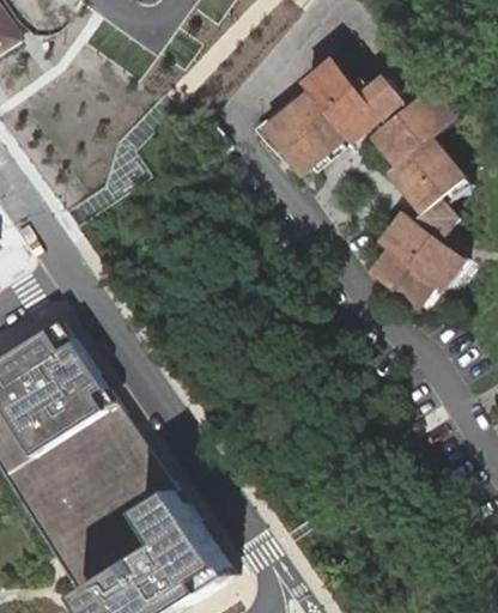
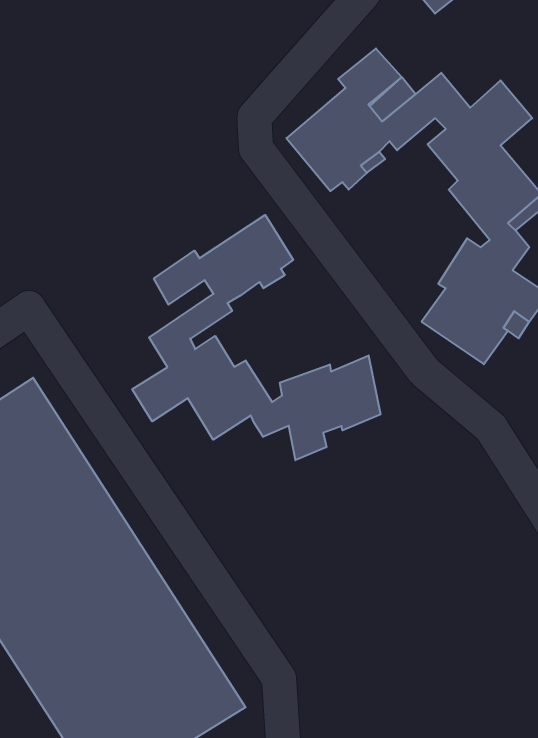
building: none -> [132,215,380,460]

